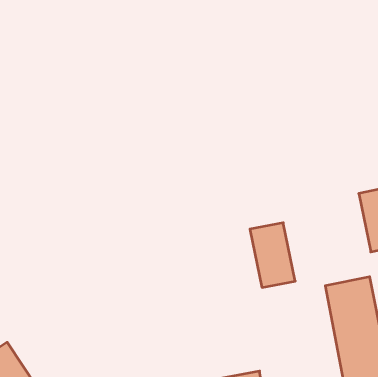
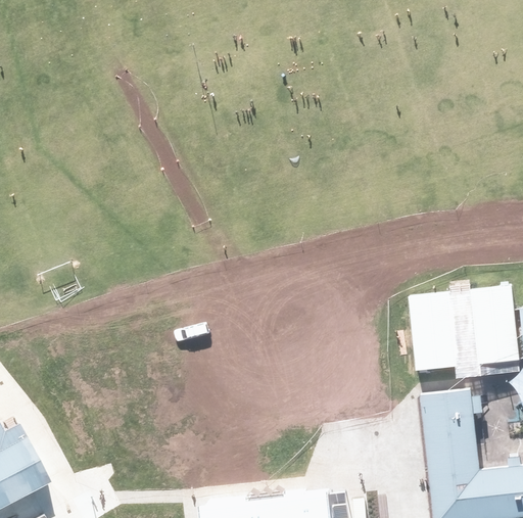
building: [250,223,295,287] -> [407,289,457,367]

